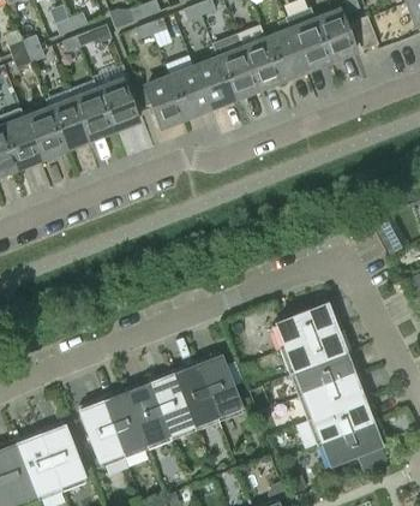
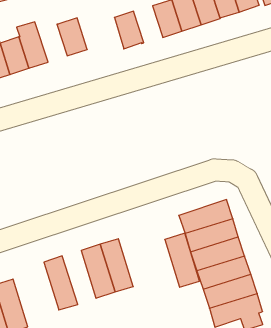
building: [196,60,235,108] -> none
building: [146,78,186,127] -> none
building: [70,81,114,141] -> none
building: [194,352,242,422] -> [165,233,200,287]
building: [124,380,170,450] -> none
building: [77,398,124,468] -> none

